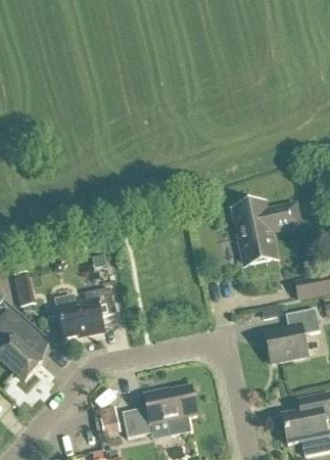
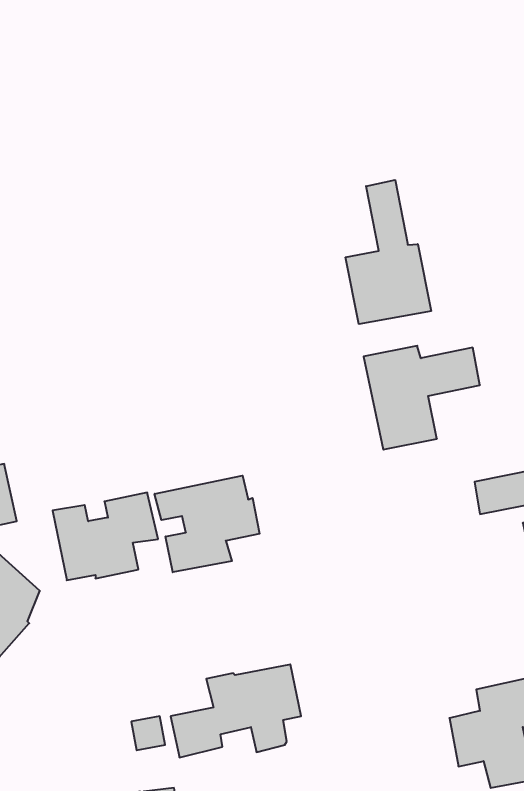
building: none -> [346,180,431,324]
building: none -> [155,476,260,572]
building: [265,307,320,362] -> none

